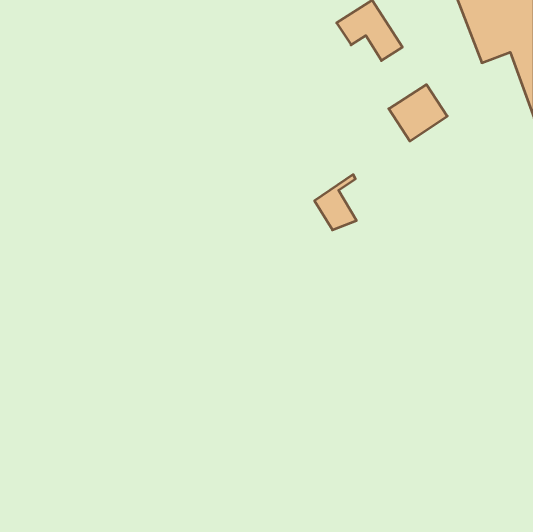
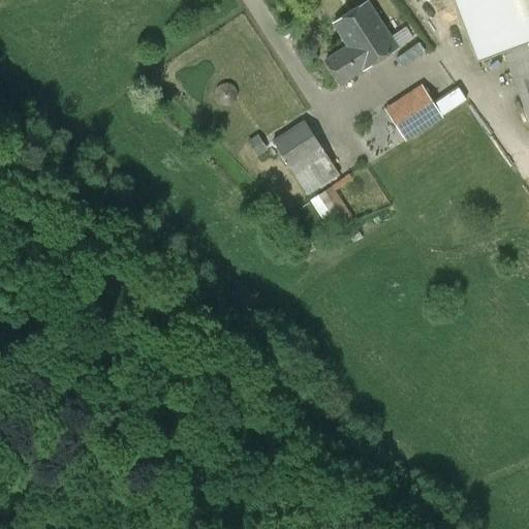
building: none -> [325,35,378,84]
building: none -> [274,119,340,193]

